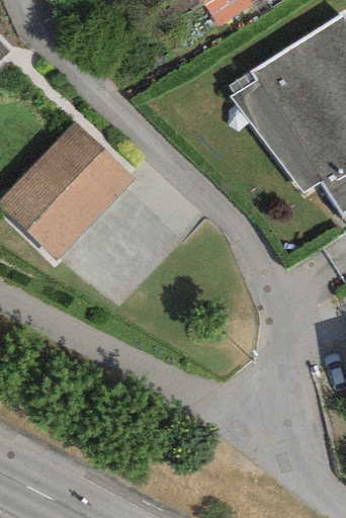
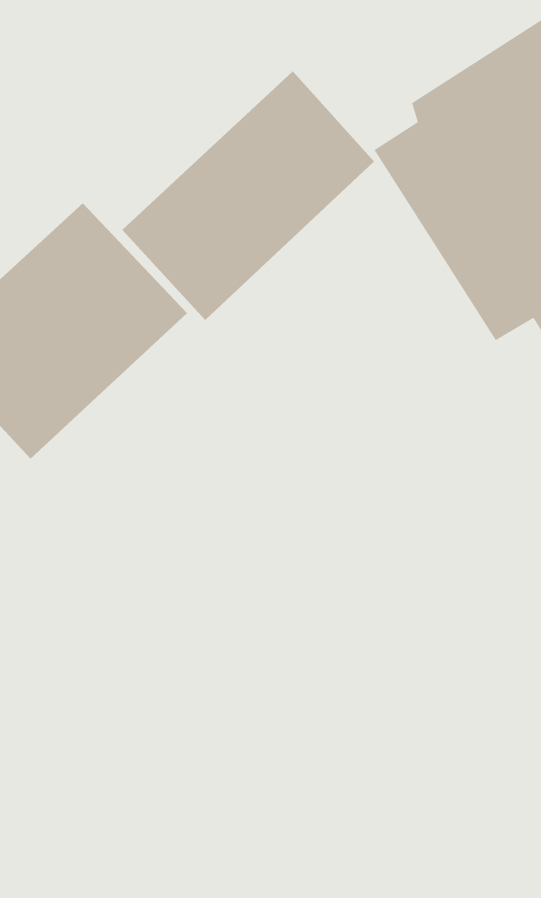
building: none -> [121,71,375,321]

